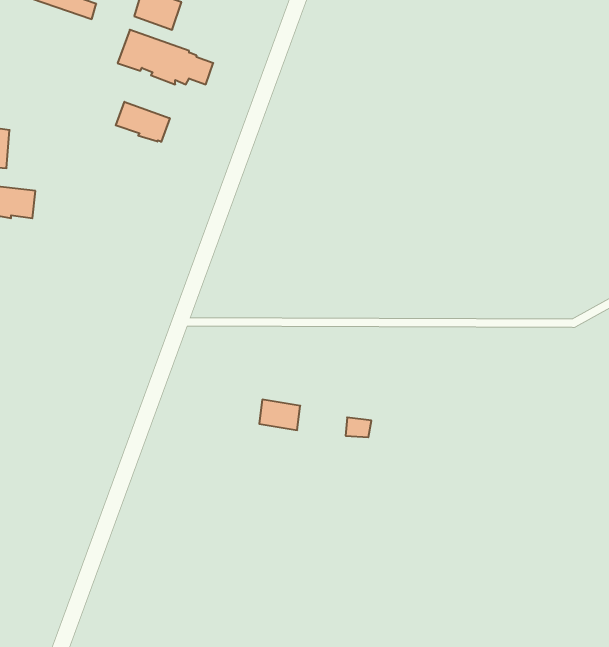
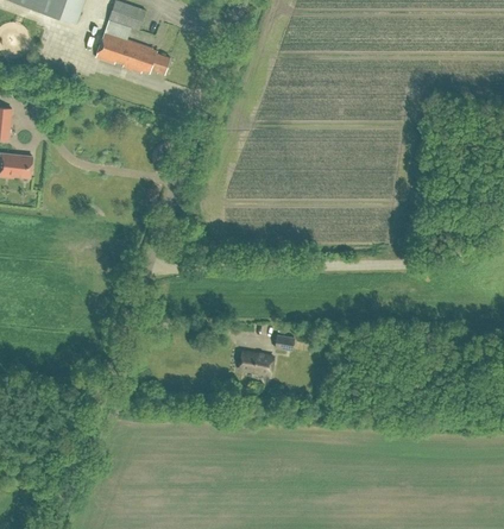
building: [116,102,170,142] -> none
building: [259,400,300,430] -> [240,349,272,373]

